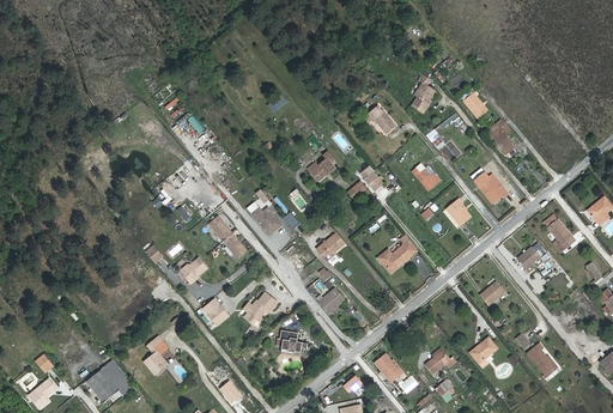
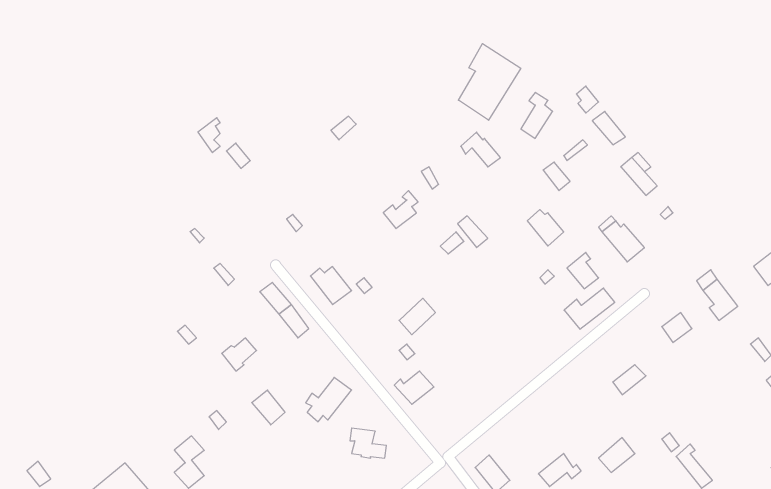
building: none -> [458,44,521,120]
building: [377,239,415,271] -> [564,288,615,329]

